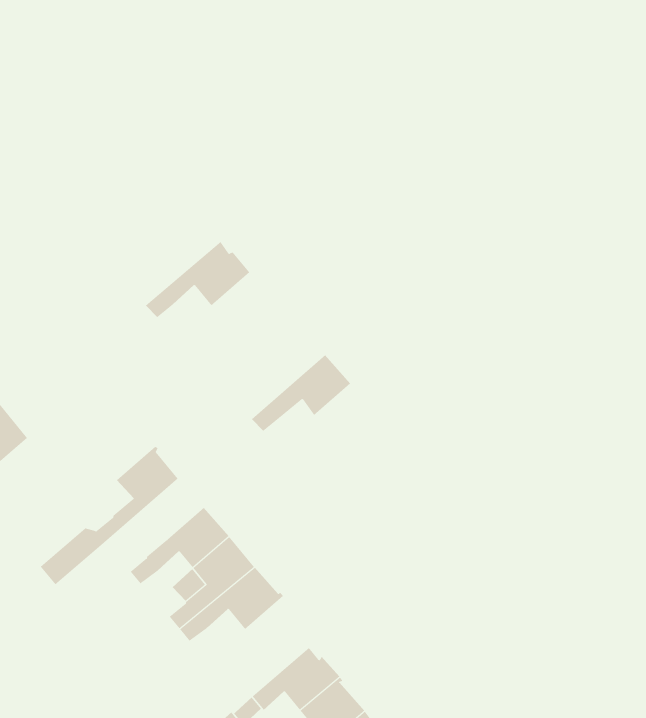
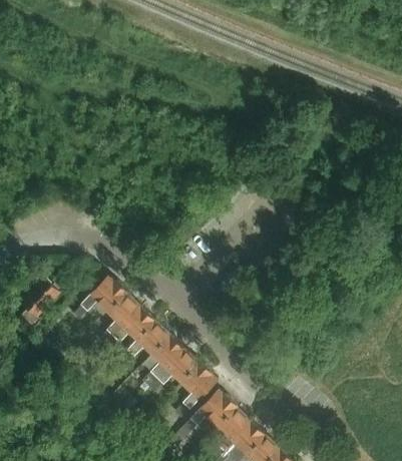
building: [145,241,250,318] -> [72,277,126,321]
building: [251,355,351,432] -> [104,308,155,352]
building: none -> [174,365,218,419]

